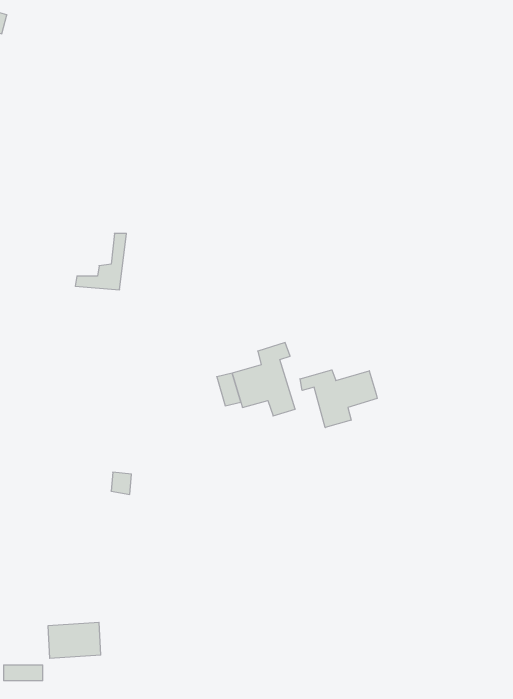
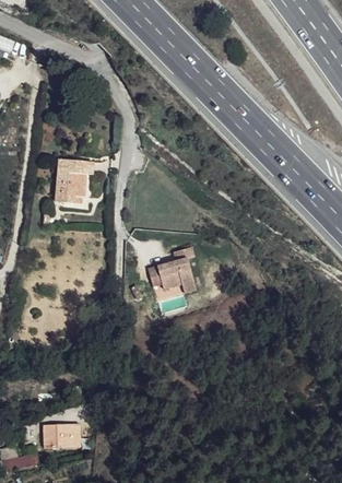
building: none -> [54,160,91,204]
building: [300,370,377,428] -> none

